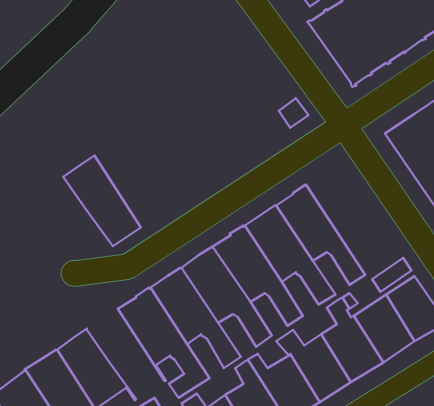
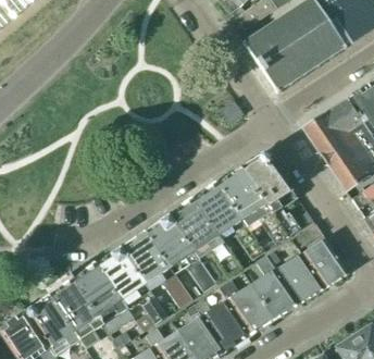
building: [63,156,141,246] -> [73,263,133,333]
building: none -> [241,154,299,237]

